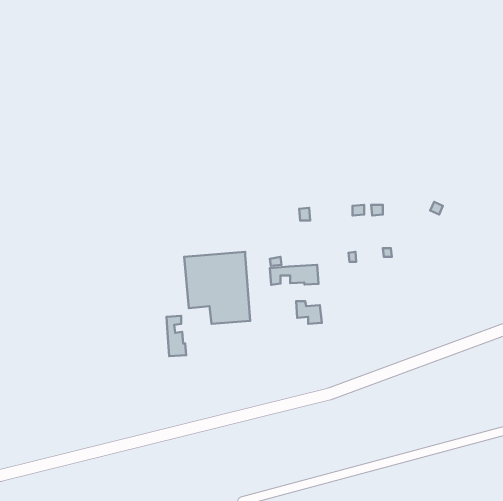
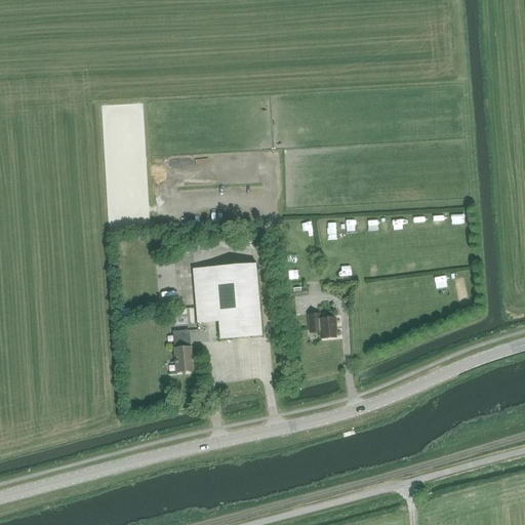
building: [270,265,319,285] -> none

